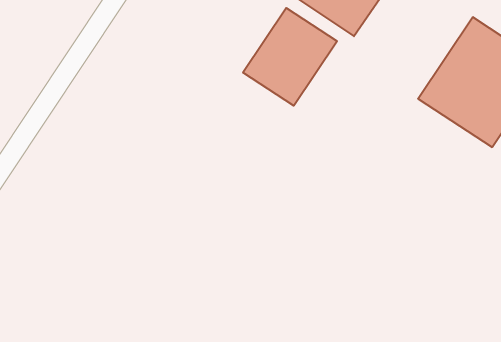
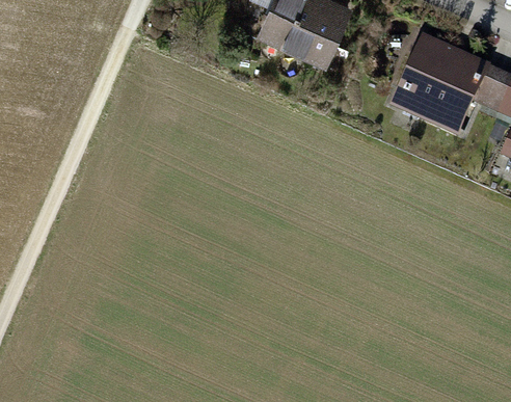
building: [243,8,337,106] -> none

